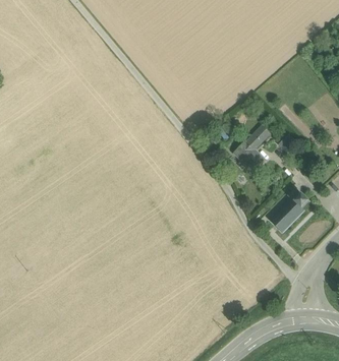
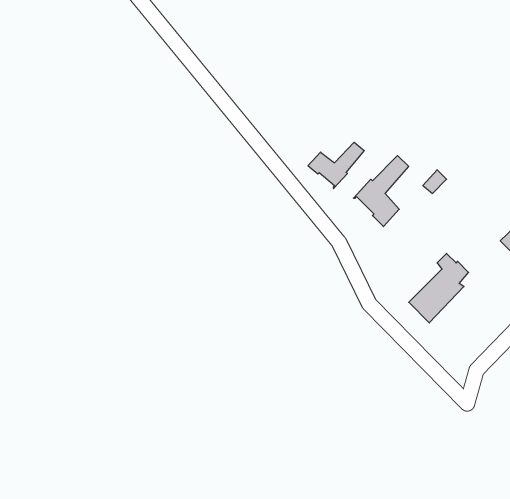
building: none -> [308,142,364,189]

